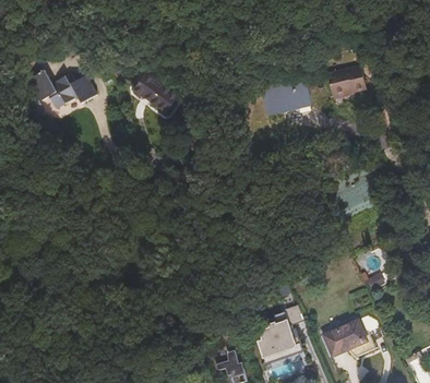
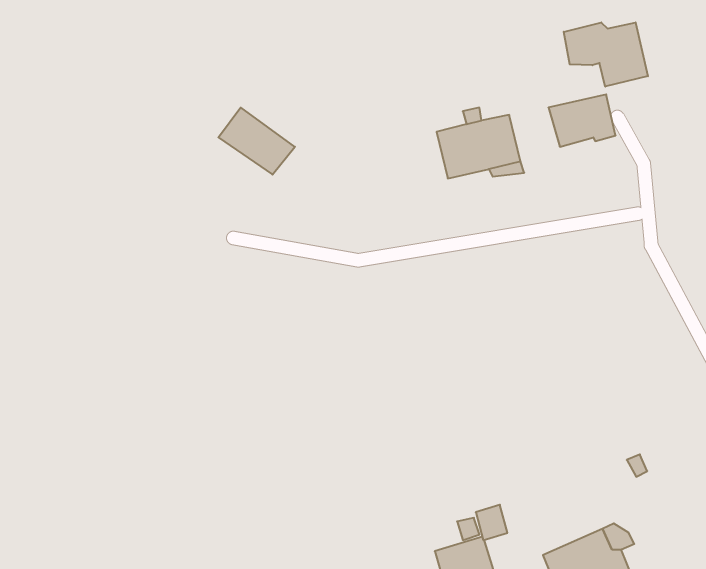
building: none -> [564,22,648,87]
building: [28,70,96,109] -> none

